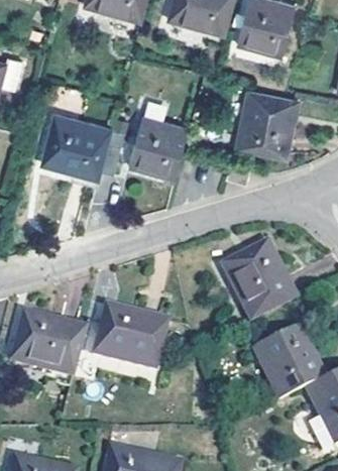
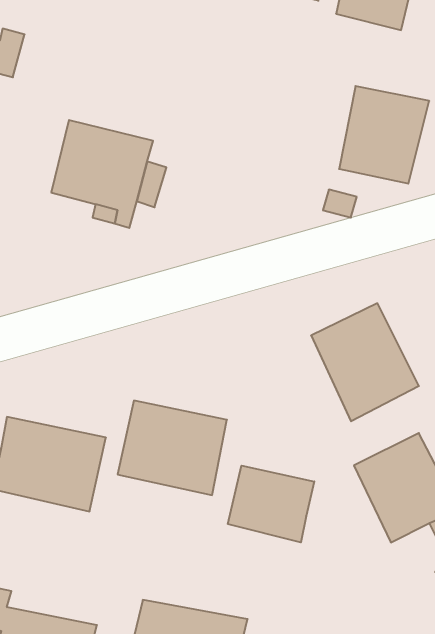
building: [131,120,191,182] -> none
building: none -> [228,466,314,542]

